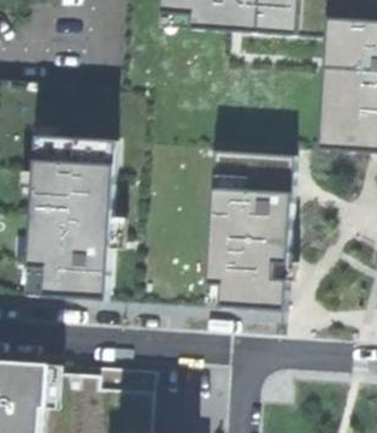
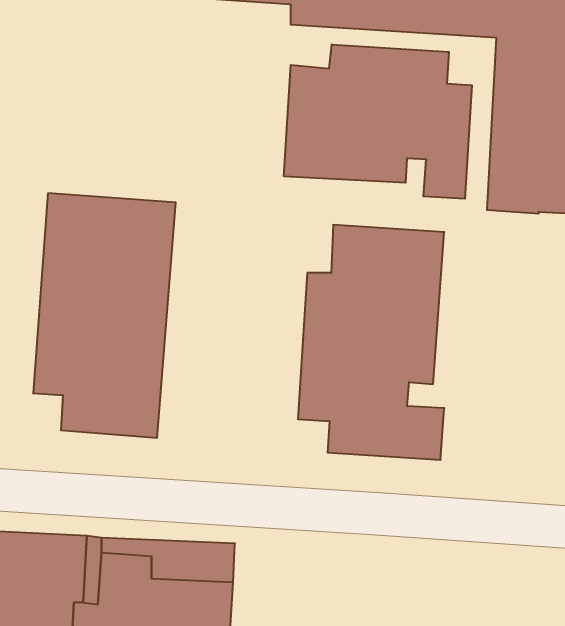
building: none -> [284,44,472,199]

